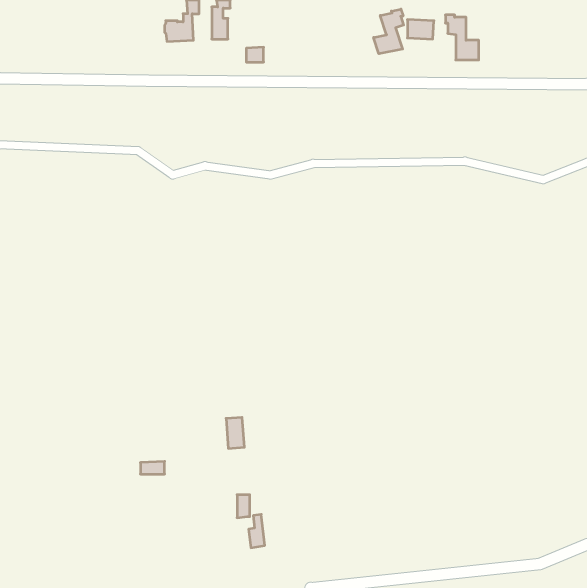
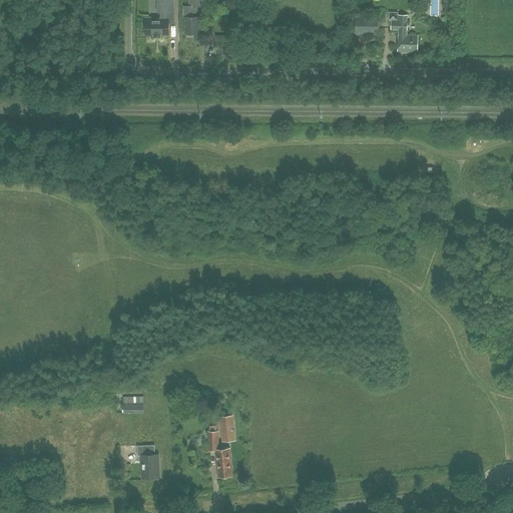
building: [374,9,404,54] -> none
building: [226,417,244,448] -> [218,415,234,442]
building: none -> [136,445,158,478]

